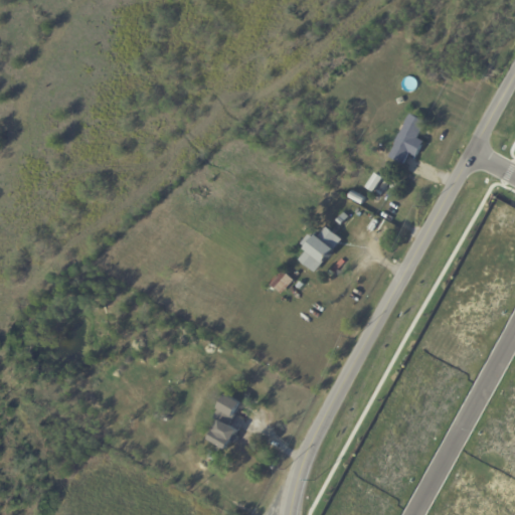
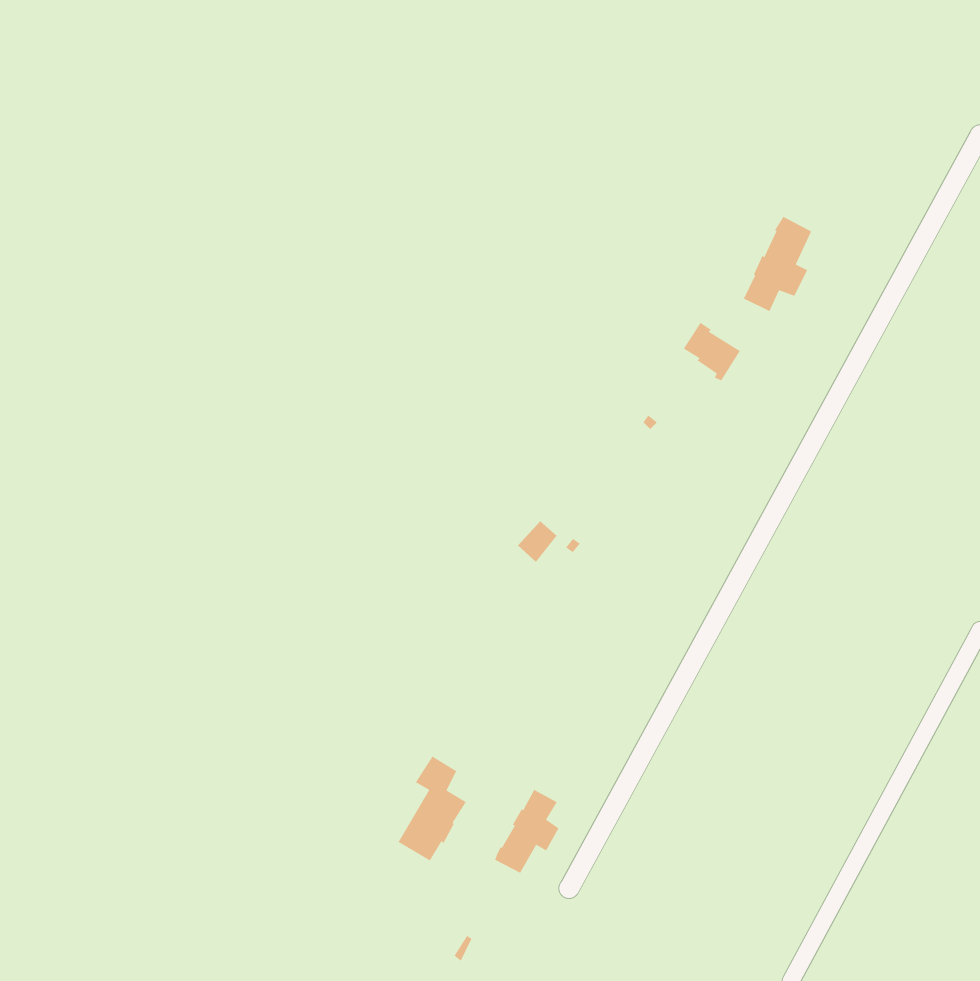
building: [297,226,340,272] -> none
building: none -> [494,789,559,874]

